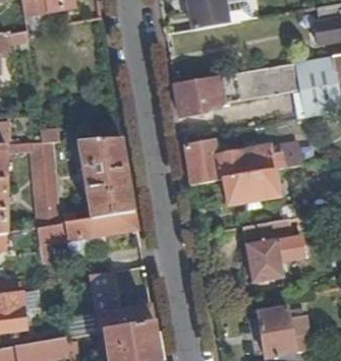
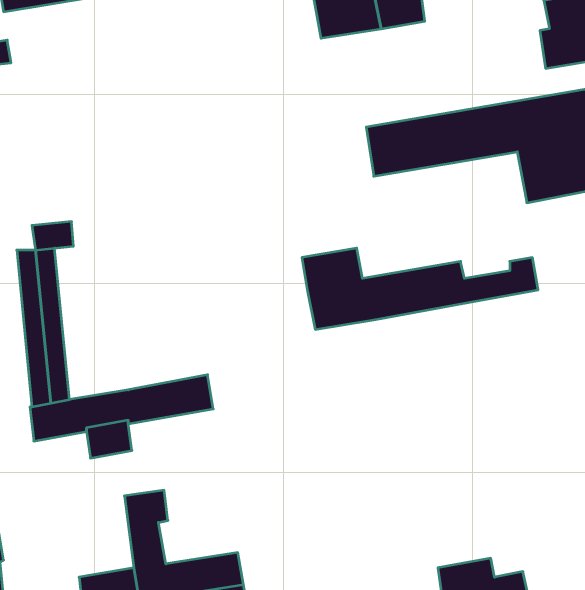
building: [175,76,224,117] -> none
building: [77,138,134,218] -> none
building: [224,171,279,205] -> none
building: [240,219,298,283] -> none

